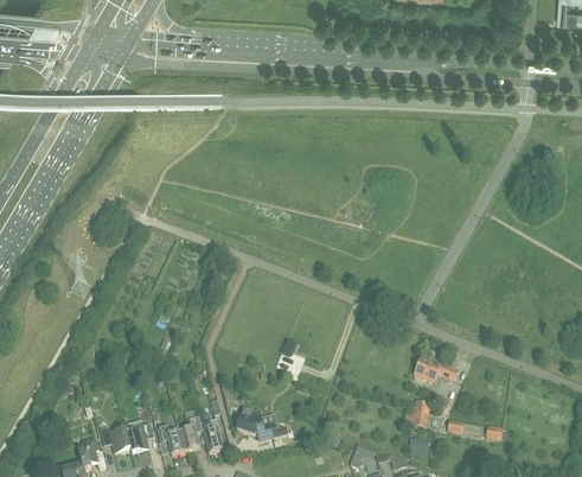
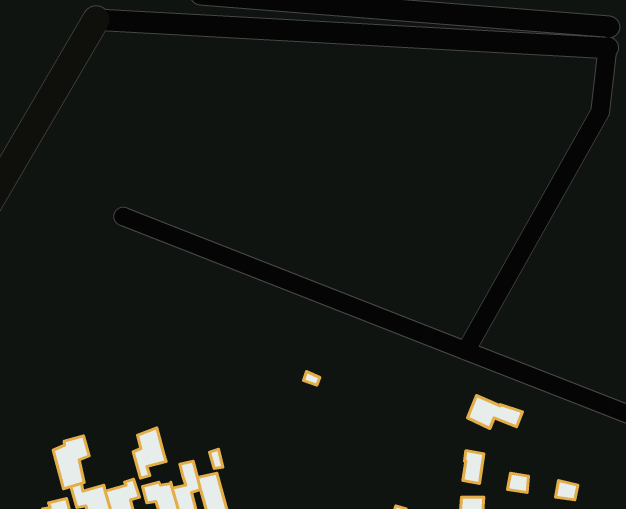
building: none -> [133,428,166,478]
building: none -> [53,436,89,489]
building: [236,413,287,437] -> none

